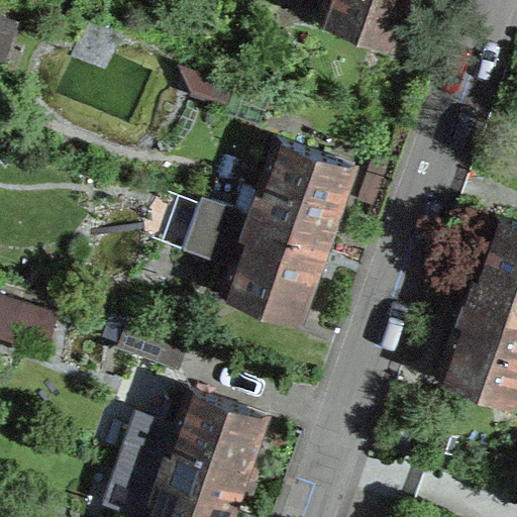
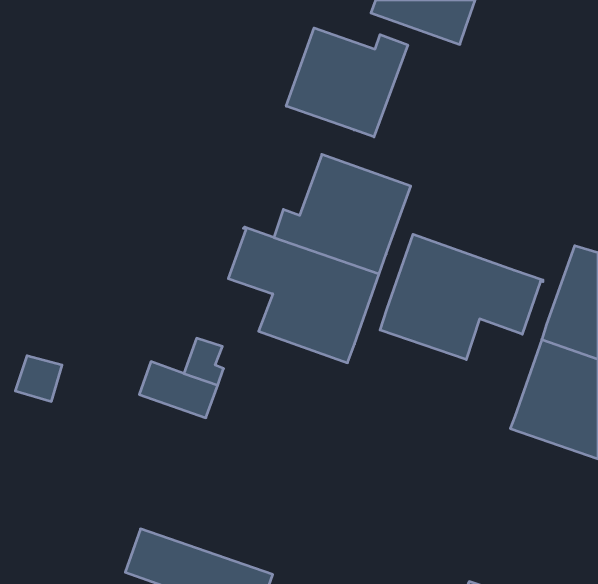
building: none -> [286,28,408,137]
building: none -> [380,234,543,360]
building: [121,396,266,508] -> none

